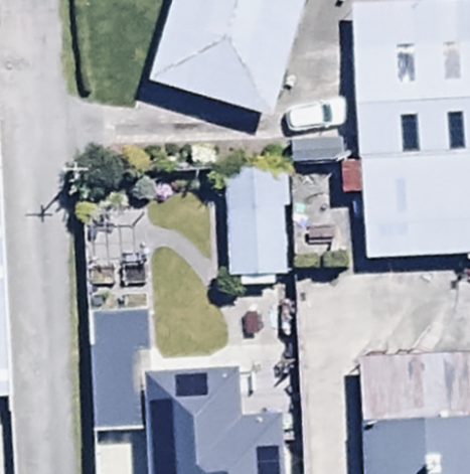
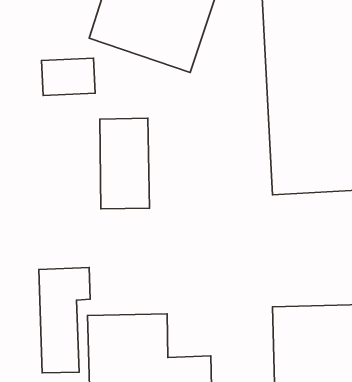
building: [225,155,284,262] -> [100,118,149,209]

